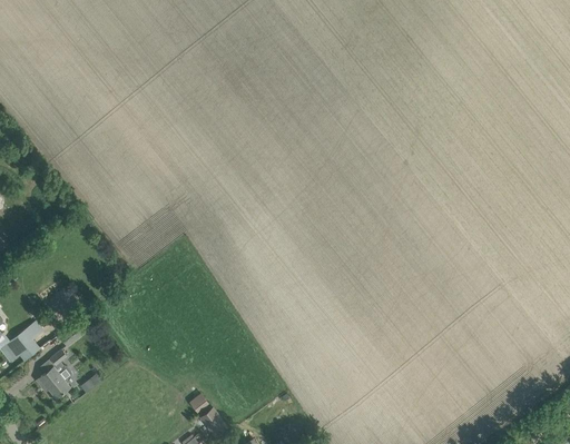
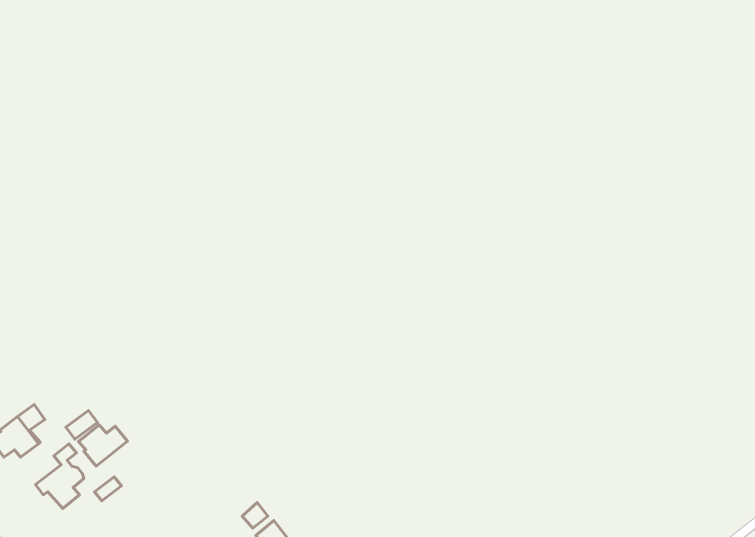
building: none -> [79,425,128,466]

